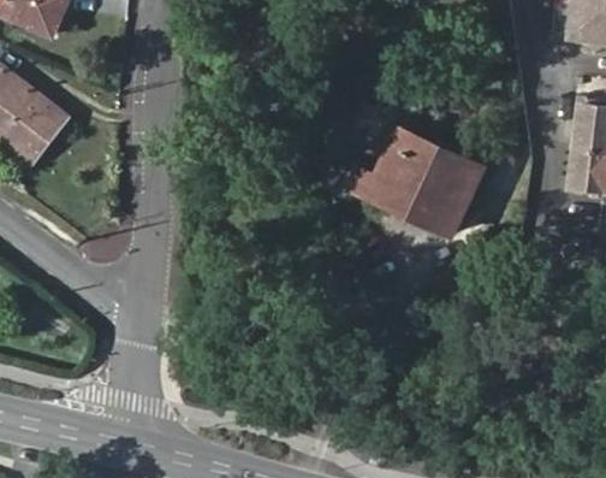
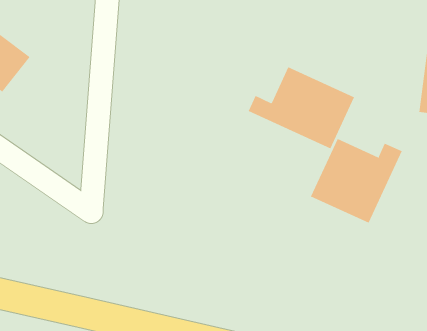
building: none -> [310,138,402,224]

